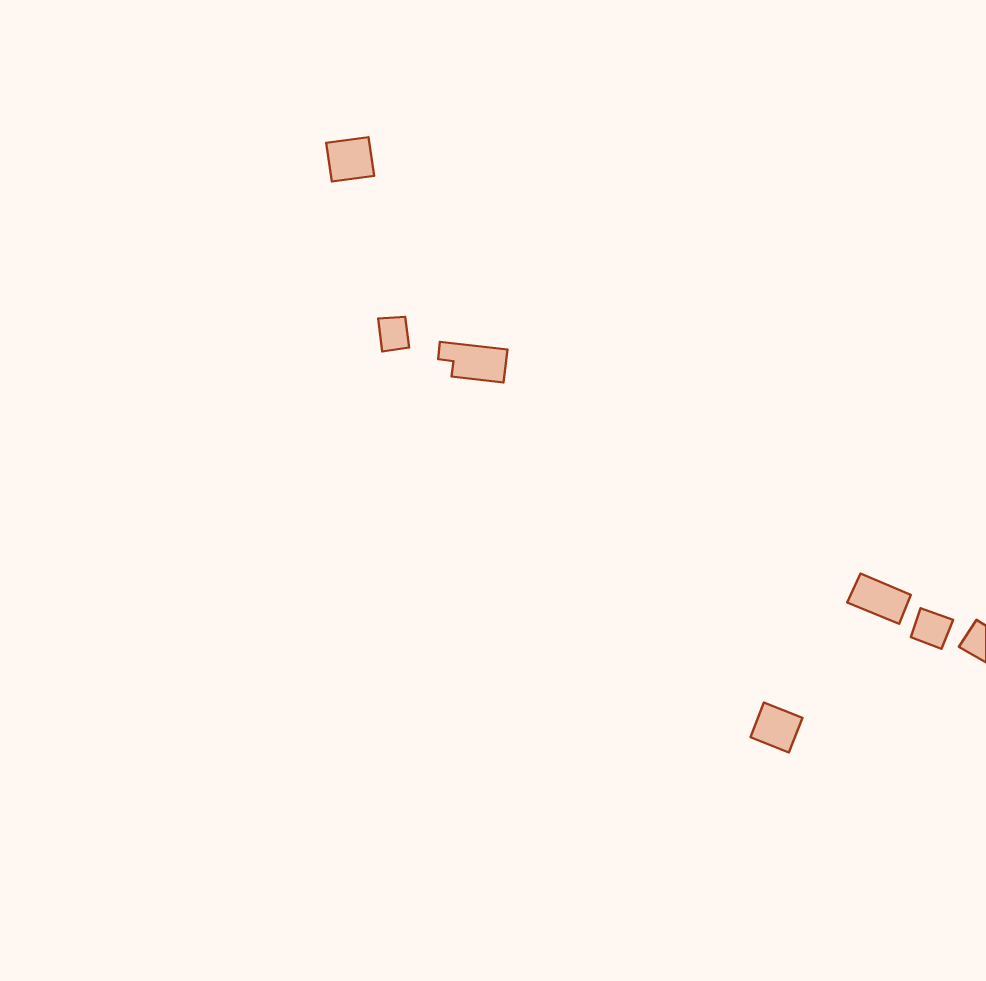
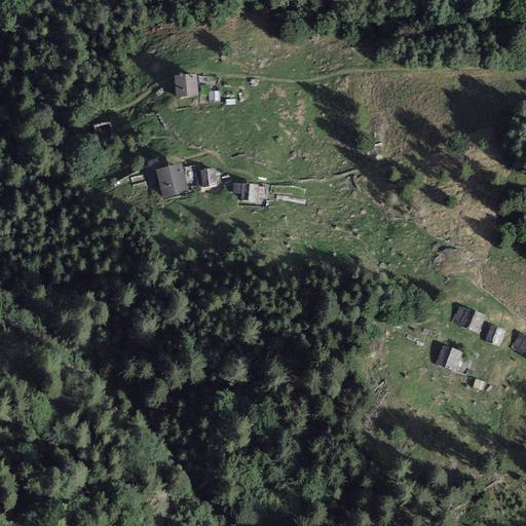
building: none -> [155,163,189,196]
building: [750,702,802,753] -> [436,345,463,372]

